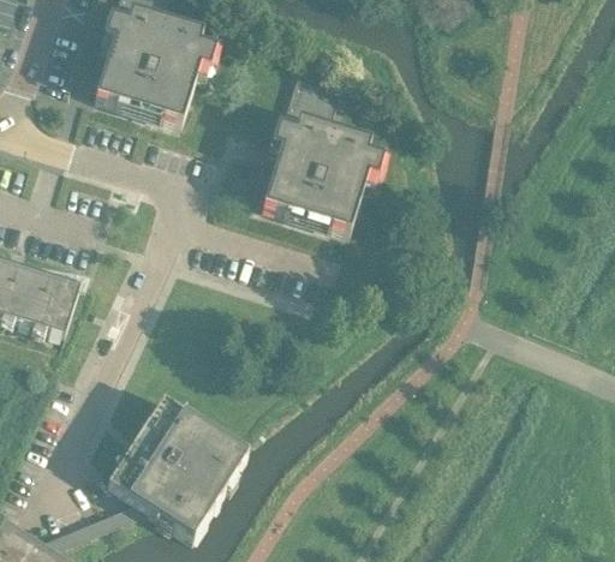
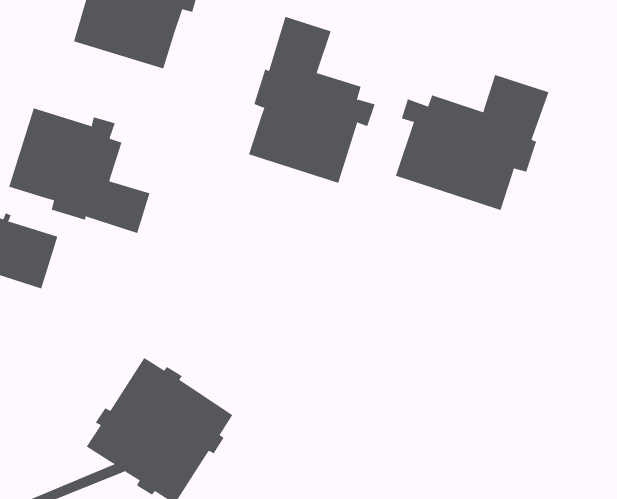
building: none -> [395,74,549,211]
building: none -> [9,107,150,234]

